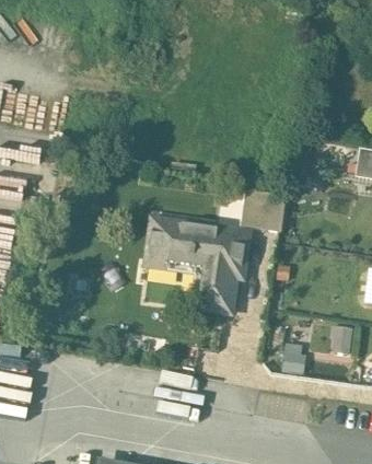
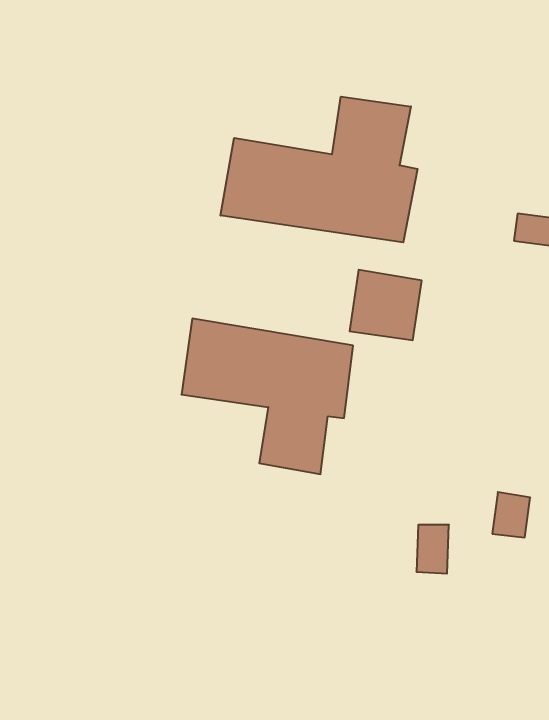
building: none -> [221,97,418,242]

